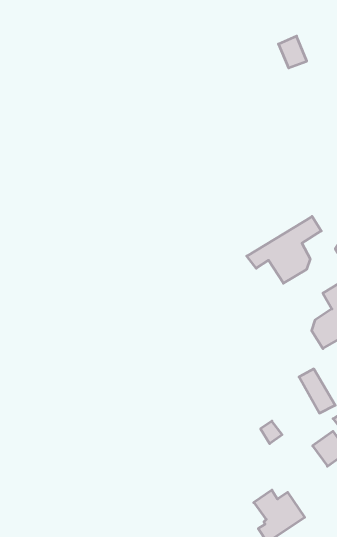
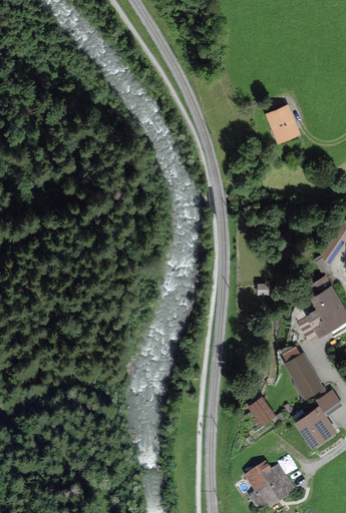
building: [278,36,307,68] -> [271,109,296,137]
building: [247,216,321,283] -> none

